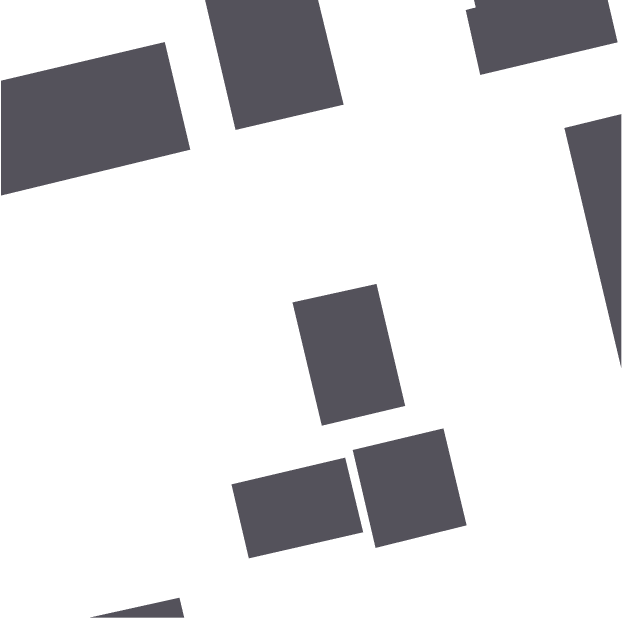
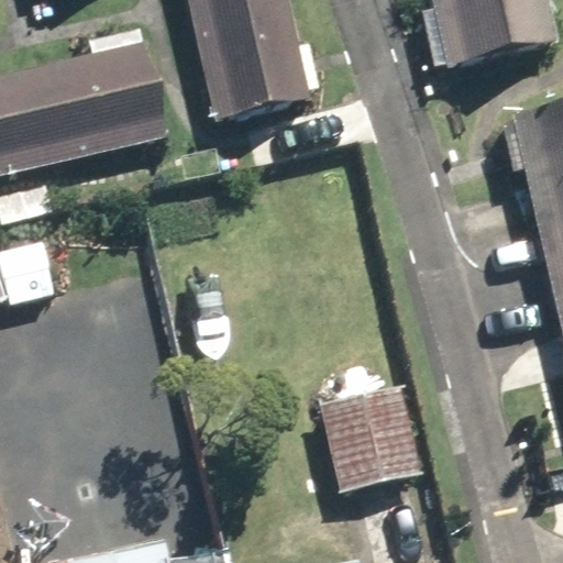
building: [292,283,406,427] -> none
building: [231,457,364,559] -> none

